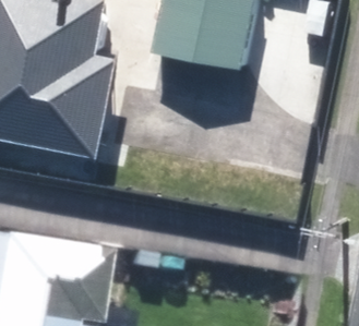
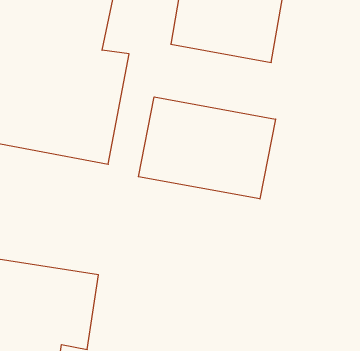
building: none -> [138,97,276,199]

